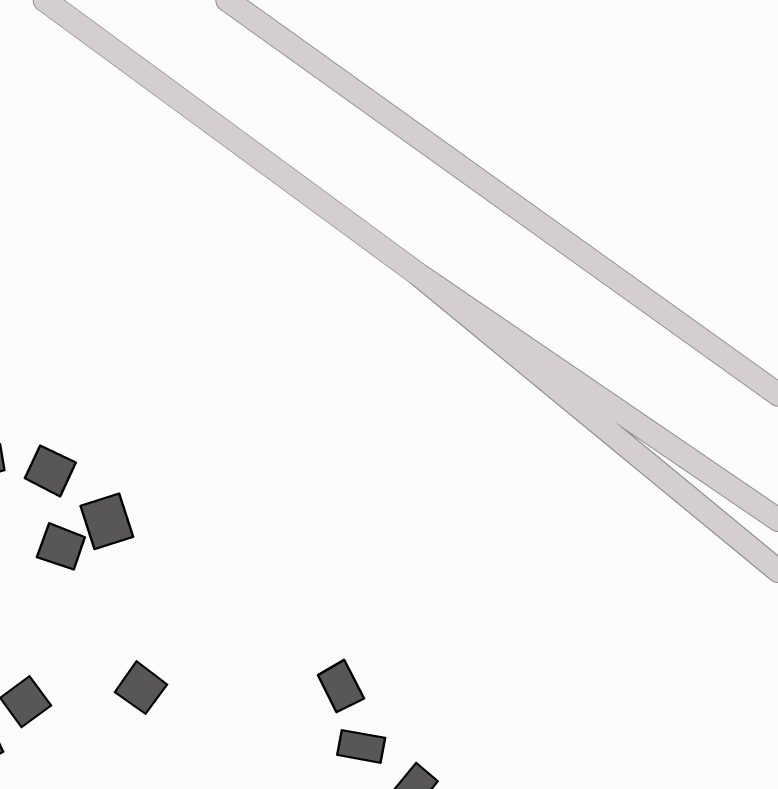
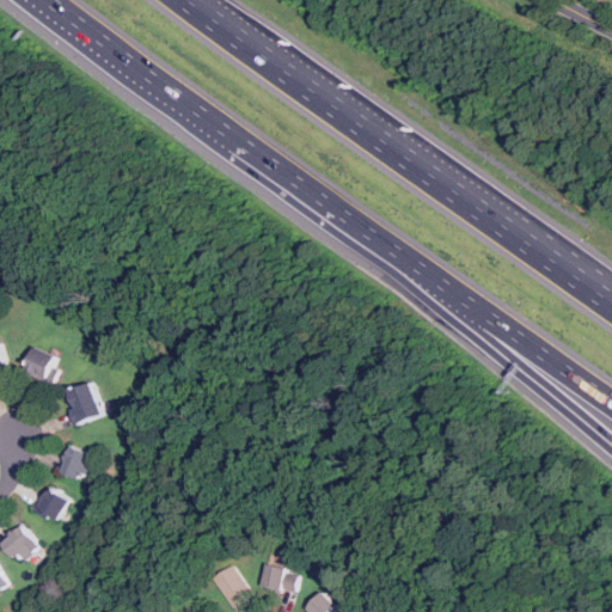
building: [37,523,85,570] -> [60,446,97,482]
building: [318,660,364,712] -> [210,565,246,606]
building: [115,661,167,714] -> [30,484,71,525]

